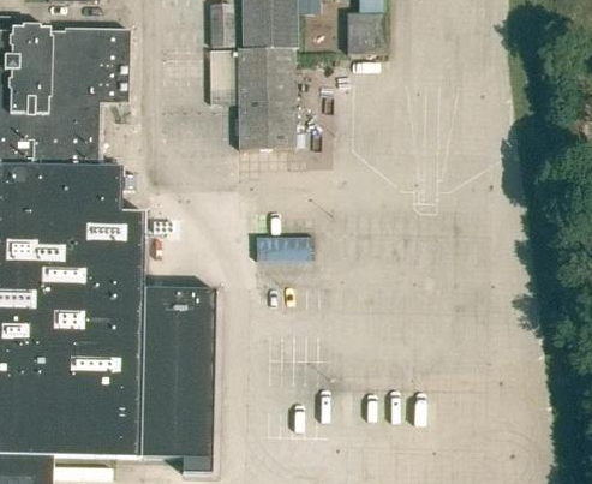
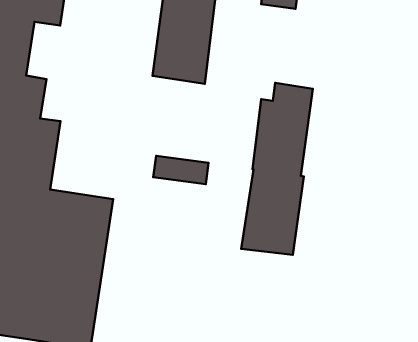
building: none -> [241,83,313,255]

